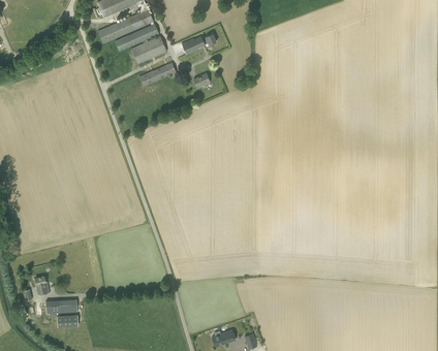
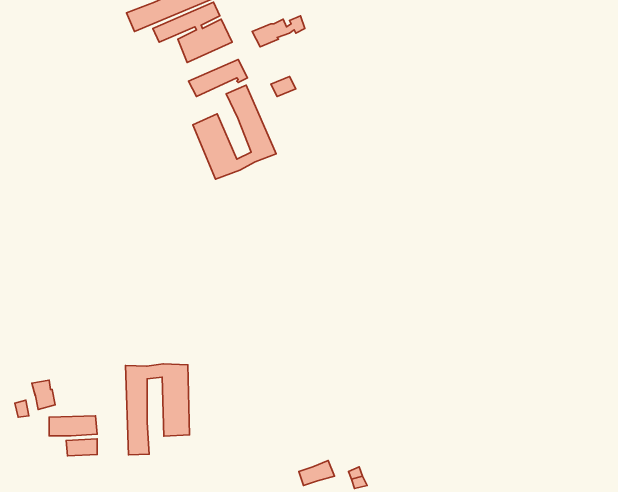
building: none -> [193,85,276,179]
building: none -> [126,364,189,455]

